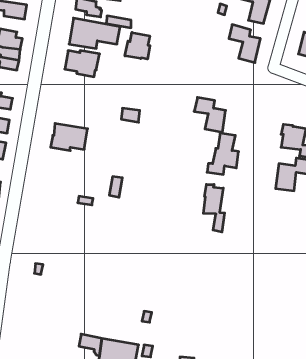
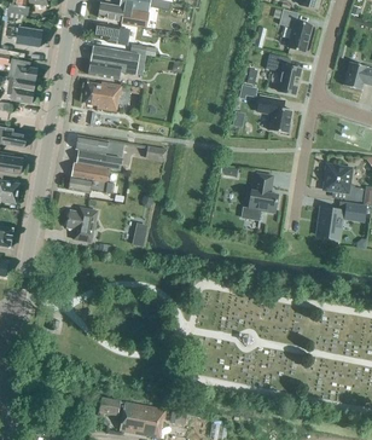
building: [125,32,150,59] -> none
building: [194,97,226,132] -> [256,94,291,133]
building: none -> [75,134,122,169]
building: none -> [65,207,97,242]
building: [203,184,225,232] -> none

